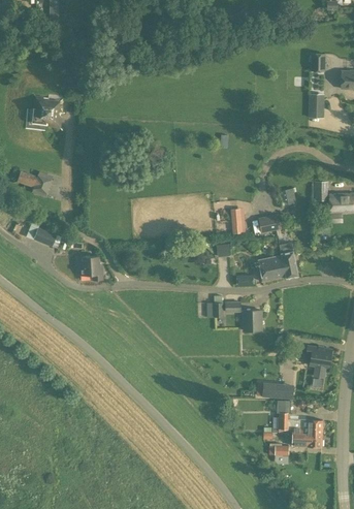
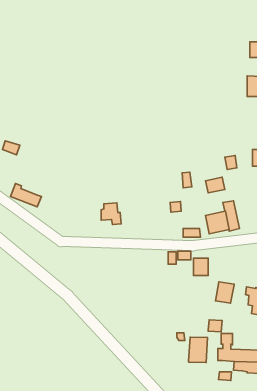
building: [33,98,58,123] -> none
building: [78,255,102,281] -> [101,203,121,225]
building: none -> [215,282,234,303]
building: none -> [189,337,208,362]

